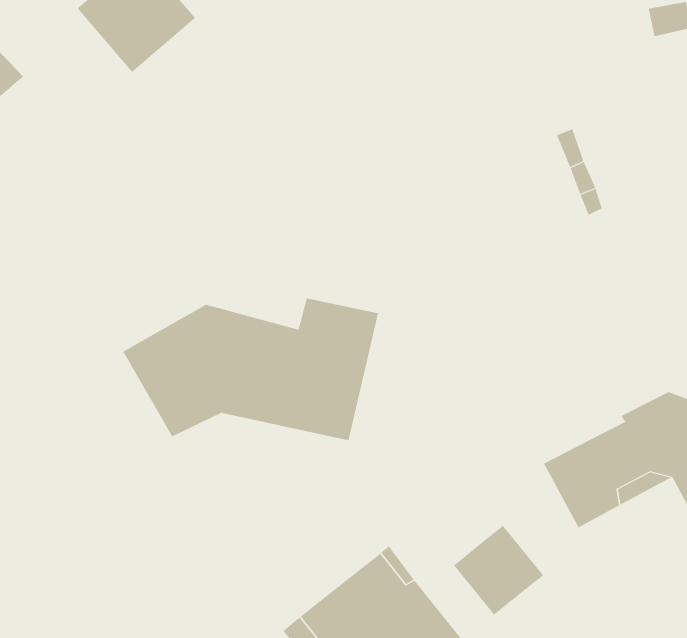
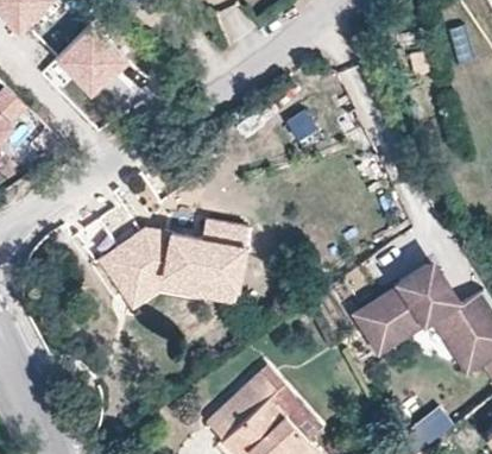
building: [453,525,544,616] -> none

